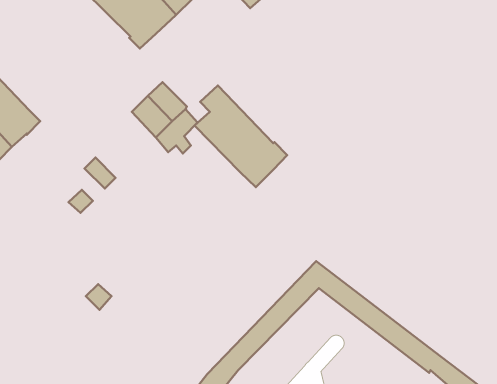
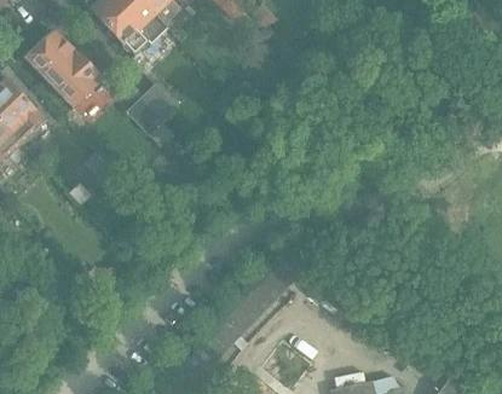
building: none -> [23,36,97,110]
building: [195,86,287,187] -> none

